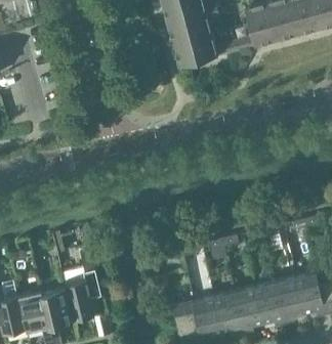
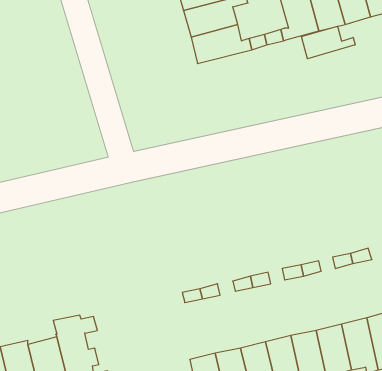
building: none -> [301,26,355,59]

